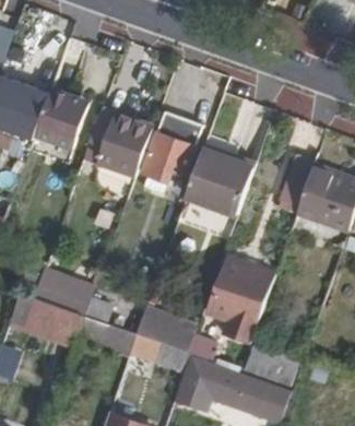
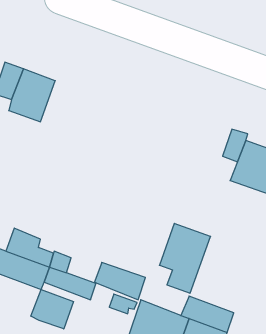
building: [82,106,151,174] -> none
building: [140,110,200,180] -> none
building: [185,145,255,213] -> none
building: none -> [31,289,73,329]

